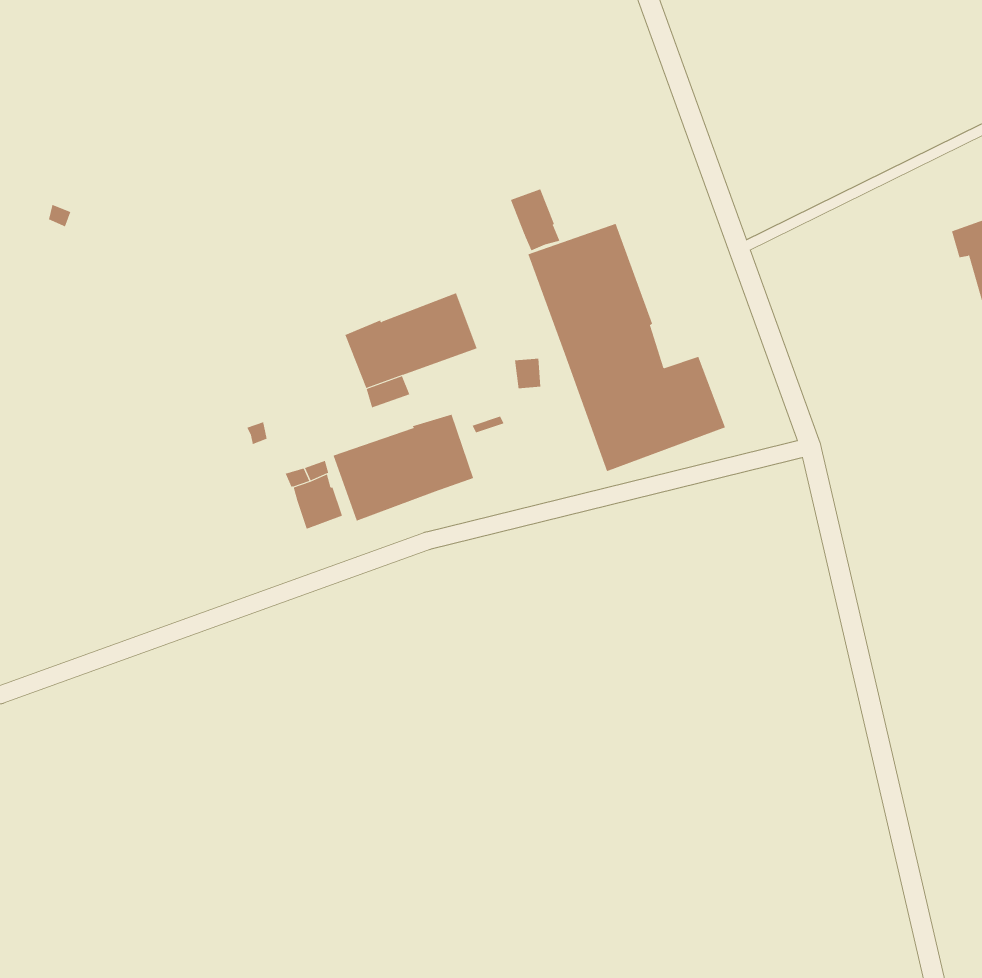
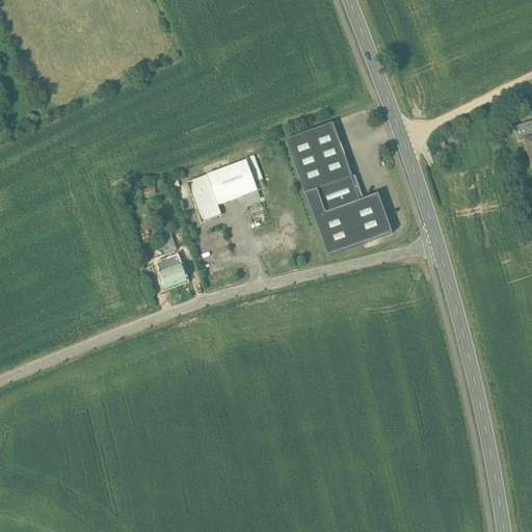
building: [510,188,560,251] -> none
building: [333,414,474,522] -> none

